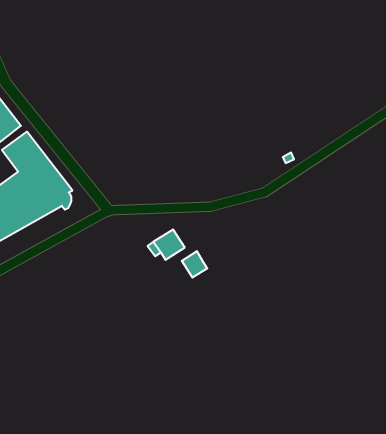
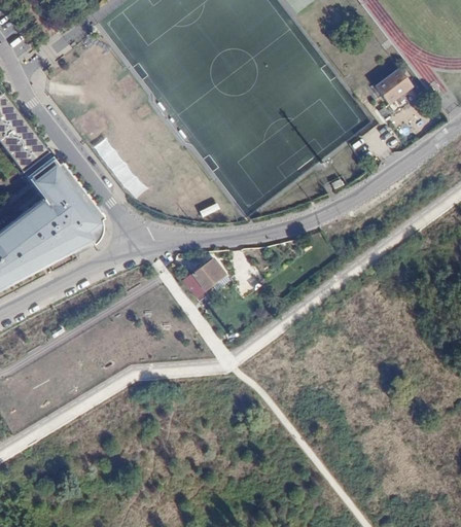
building: none -> [375,70,411,104]
building: [182,251,207,278] -> none

